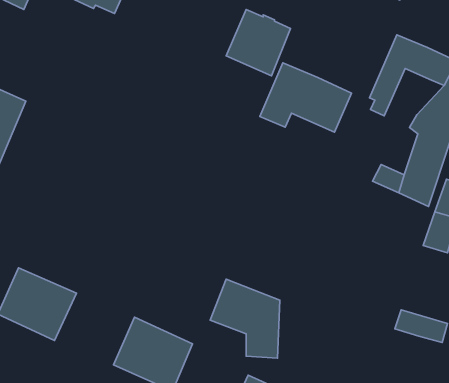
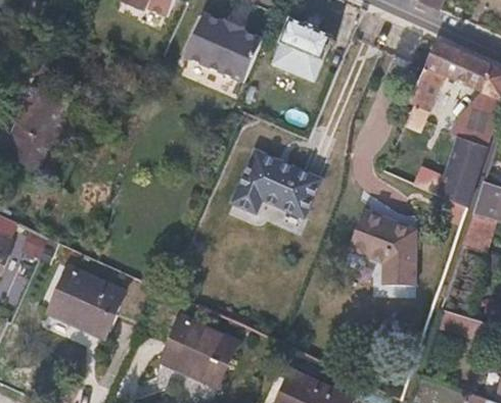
building: none -> [187,13,262,82]
building: [260,63,351,132] -> [232,150,321,217]
building: [210,279,280,358] -> [349,209,416,286]

